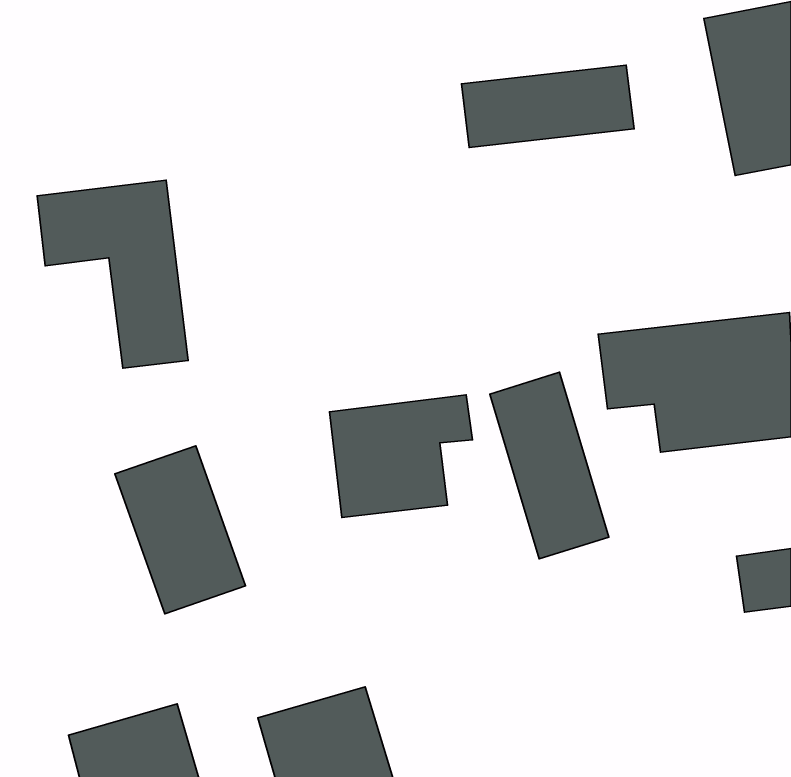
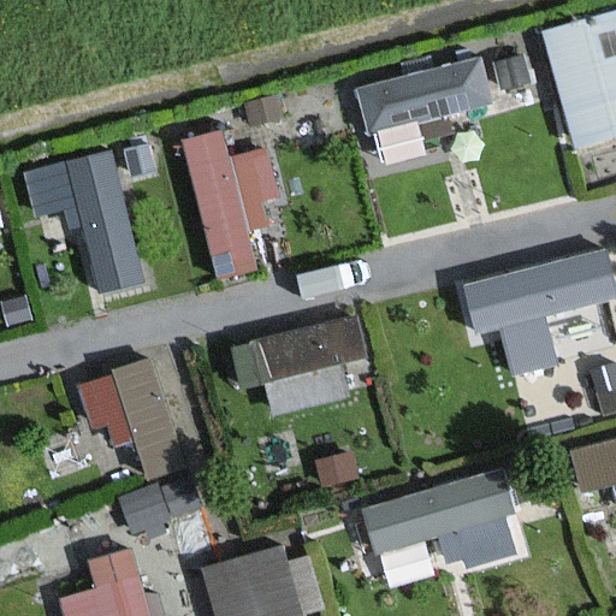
building: none -> [191,131,282,278]
building: [490,372,609,559] -> none
building: none -> [360,467,523,592]

